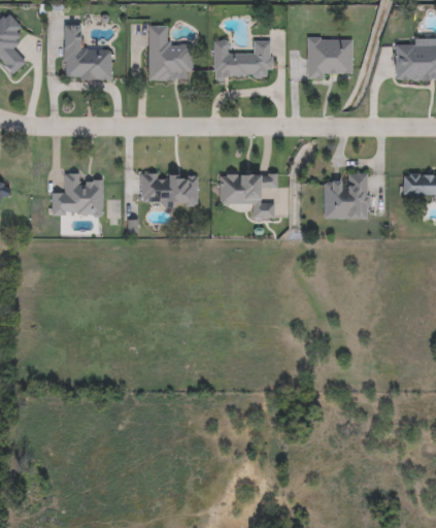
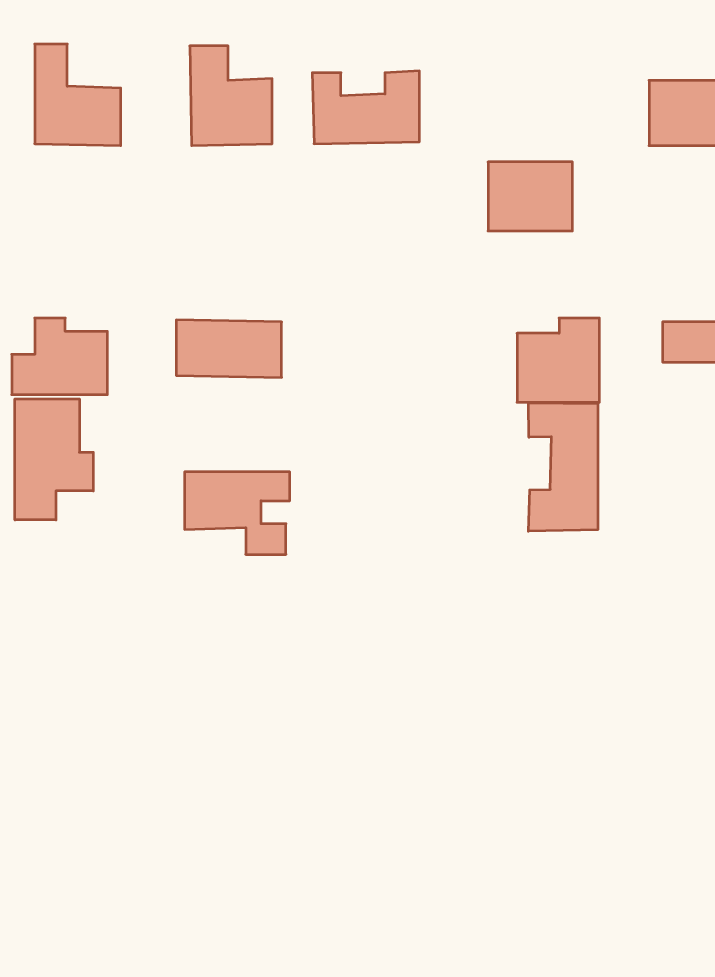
building: [307,38,353,75] -> [488,162,572,231]
building: [220,173,276,218] -> [185,472,290,554]
building: none -> [15,399,93,520]
building: none -> [528,403,598,531]

